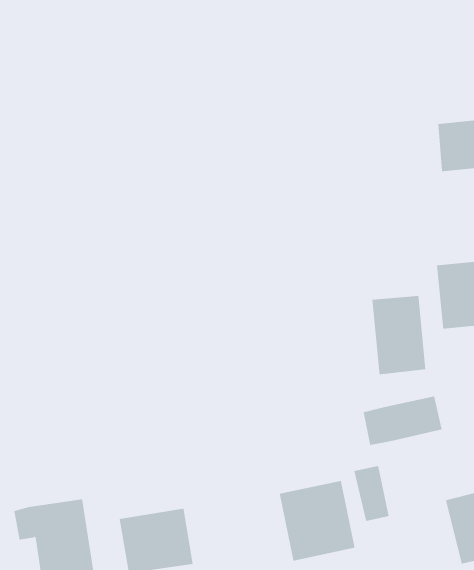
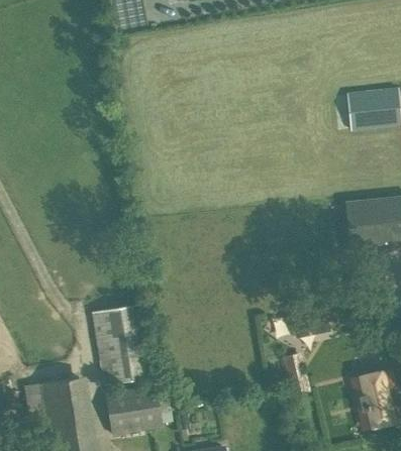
building: [372,295,426,375] -> none
building: none -> [92,303,158,384]
building: [279,480,355,561] -> none

